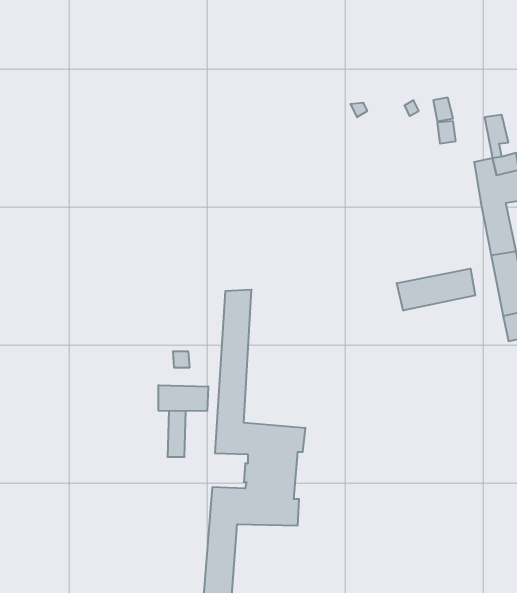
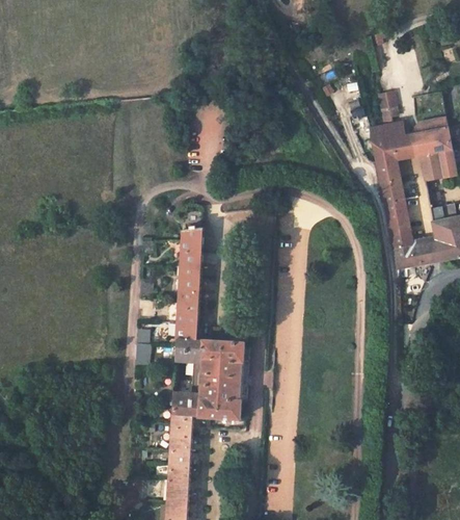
building: [397,269,475,311] -> none
building: [159,385,208,411] -> none

